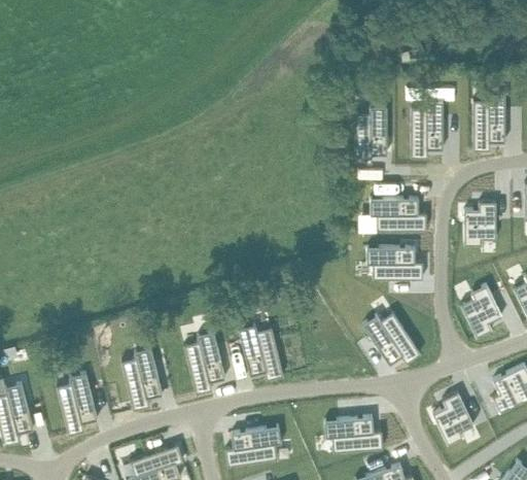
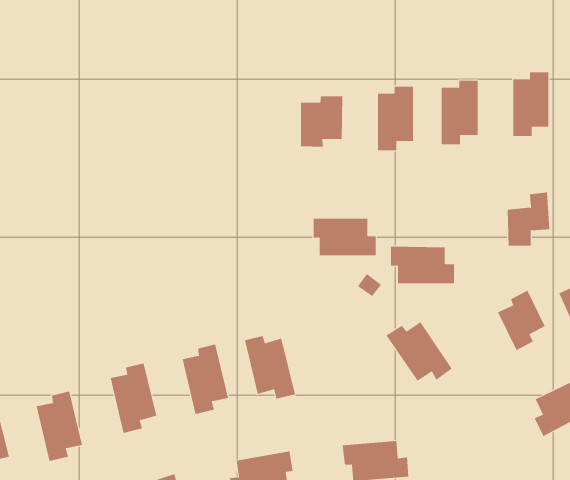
building: none -> [300,96,343,147]
building: [370,196,425,229] -> [313,218,376,256]
building: [431,389,473,443] -> none

